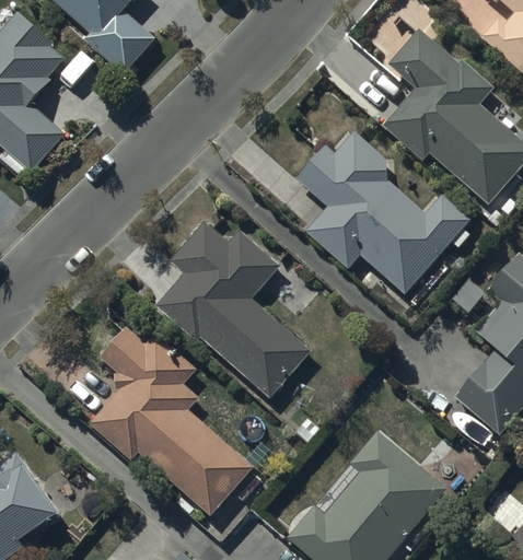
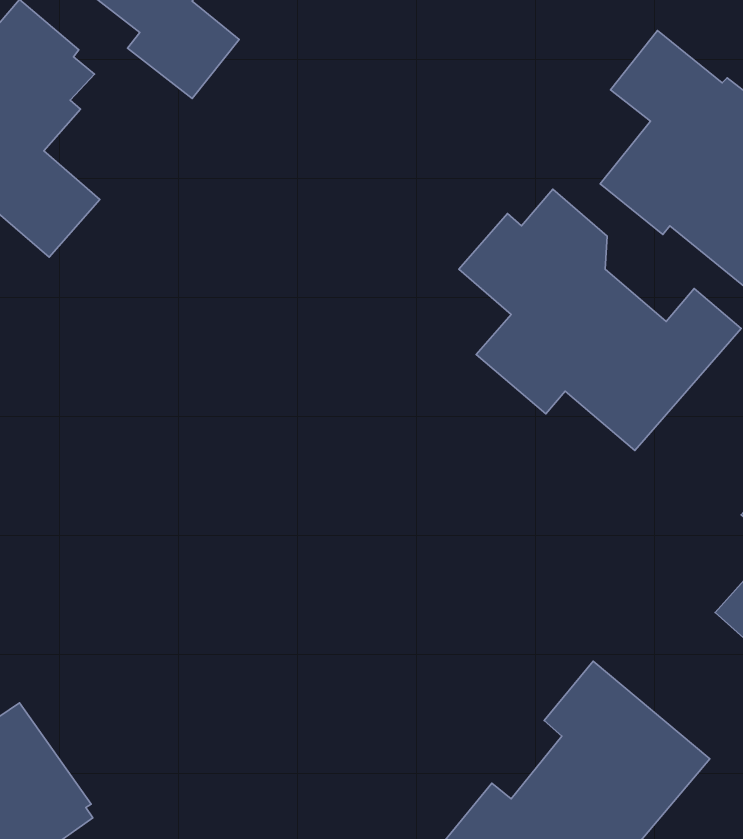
building: [154,222,312,395] -> none
building: [89,326,254,518] -> none

